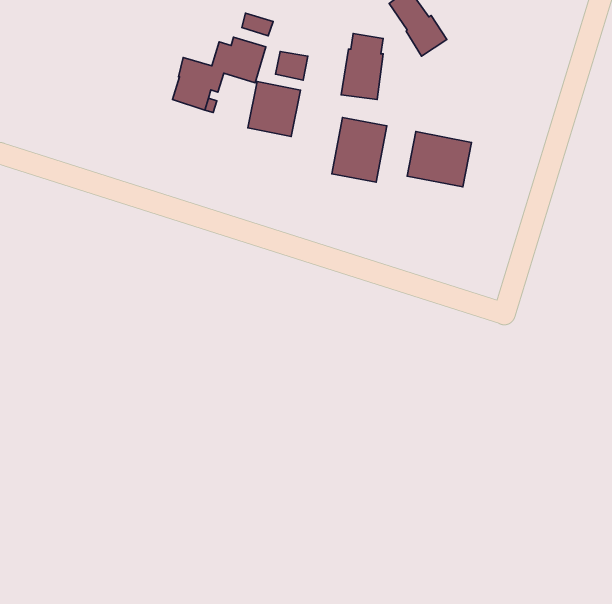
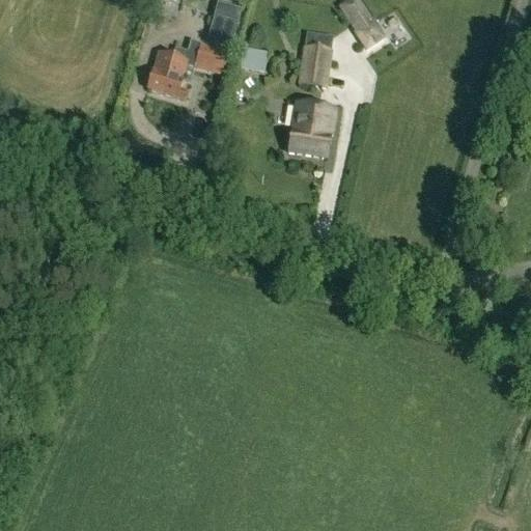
building: [248,81,301,136] -> none
building: [407,132,472,187] -> none

